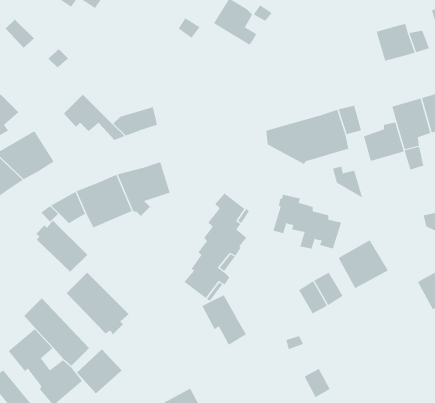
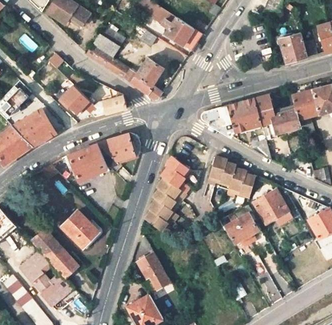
building: none -> [85,27,166,99]
building: [35,220,88,273] -> none
building: [202,295,247,346] -> [138,253,170,289]
building: [76,349,123,394] -> none

